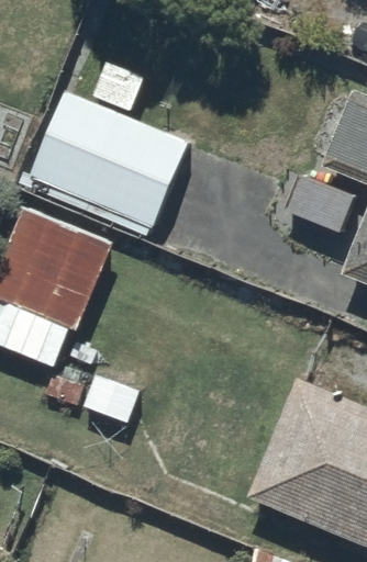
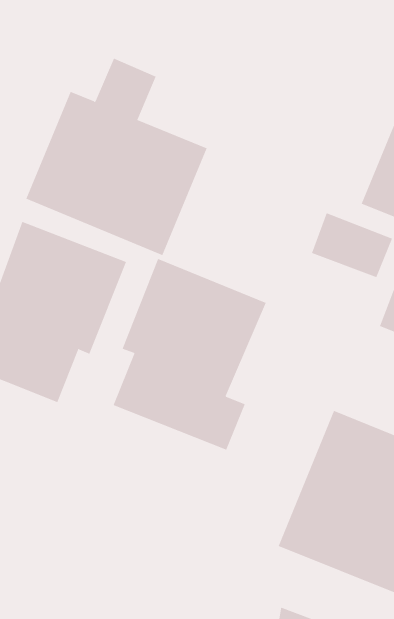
building: none -> [113,258,267,451]

